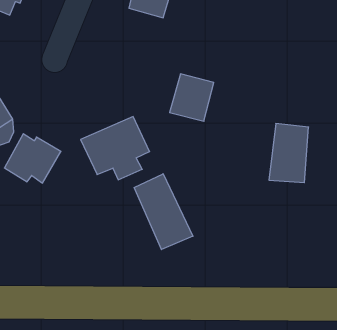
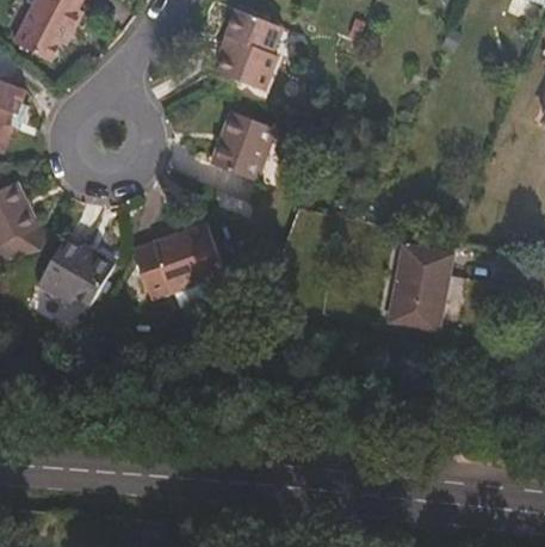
building: [170,74,214,121] -> [211,107,275,176]
building: [134,174,193,250] -> none

